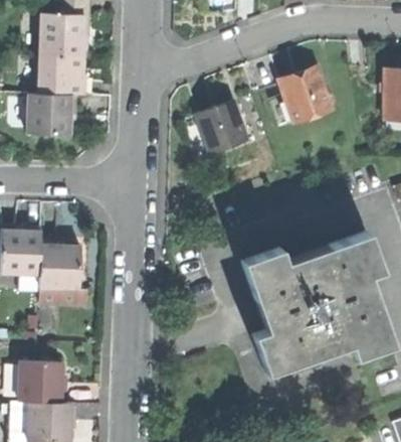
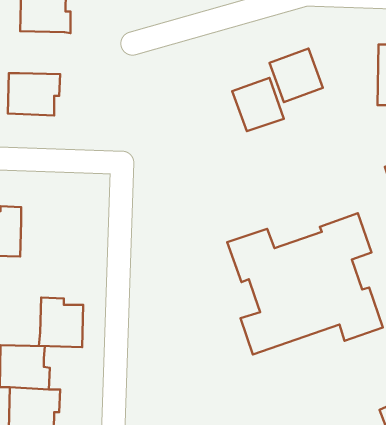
building: [37,54,86,97] -> none
building: [197,101,247,153] -> [232,78,284,131]
building: [37,241,80,289] -> [39,298,83,347]

